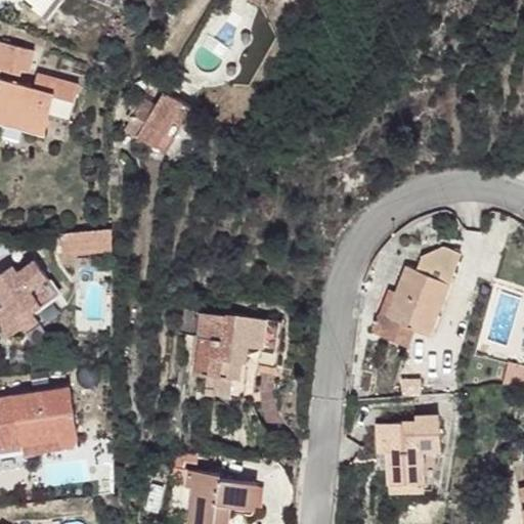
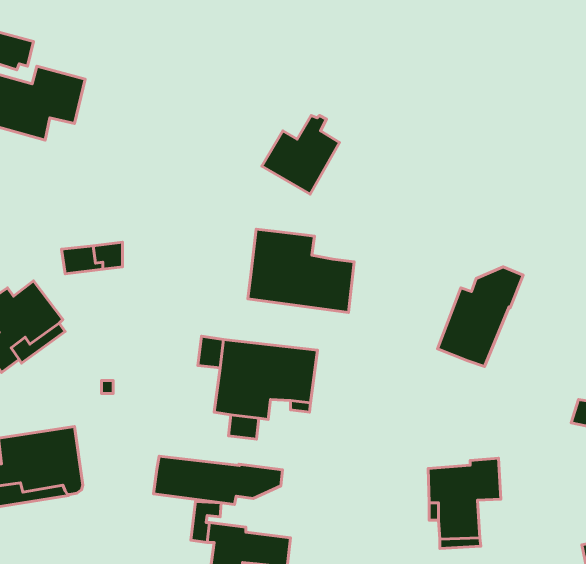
building: [124,86,191,155] -> [262,116,339,194]
building: none -> [248,229,354,313]
building: [372,291,412,348] -> none
building: none -> [153,456,282,504]

